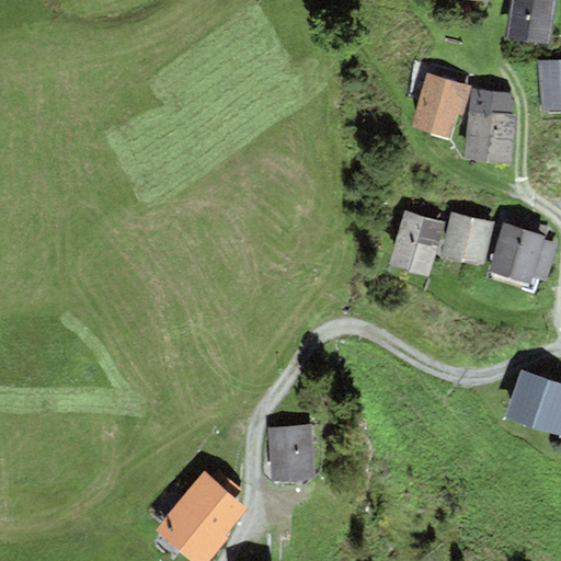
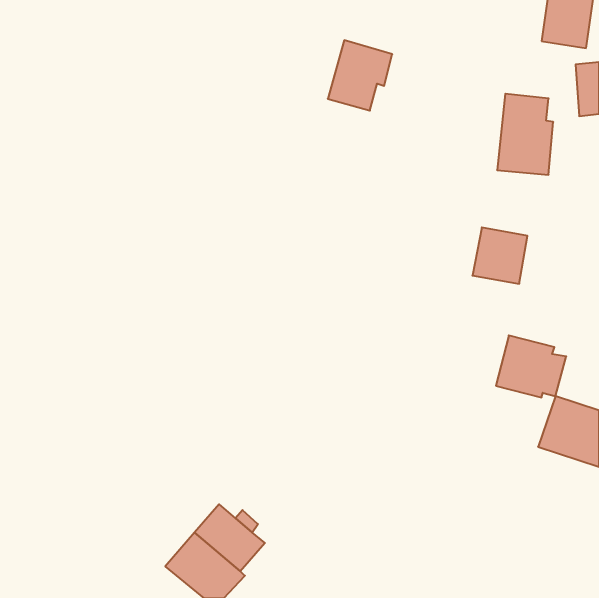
building: [411,71,471,137] -> [328,40,392,111]
building: [388,210,444,276] -> none
building: [490,224,556,282] -> [496,335,566,397]
building: [268,423,314,481] -> none

